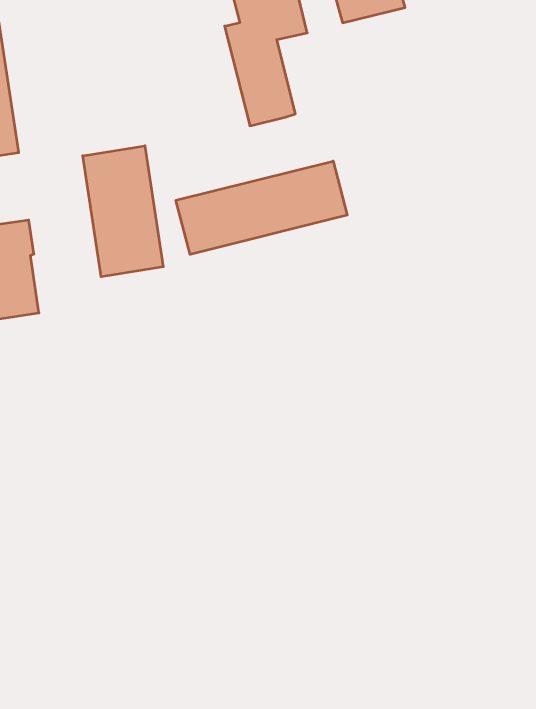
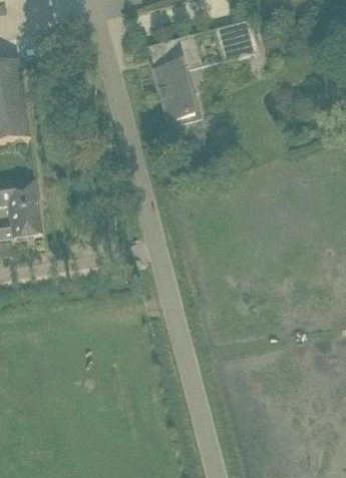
building: [83,146,163,277] -> none
building: [176,161,347,254] -> none

